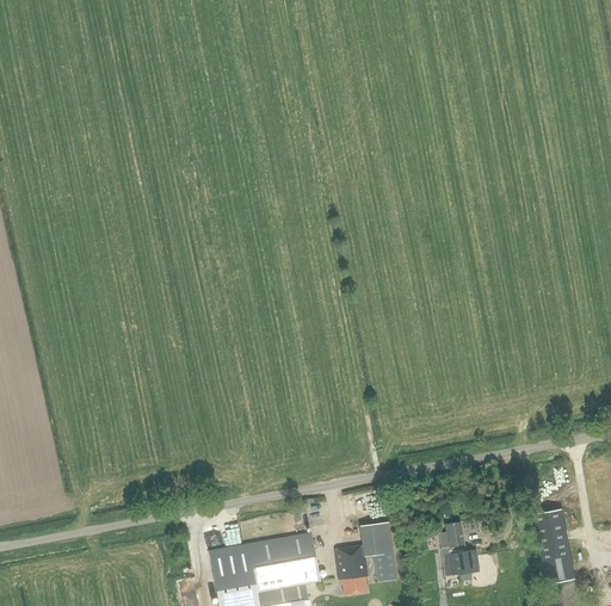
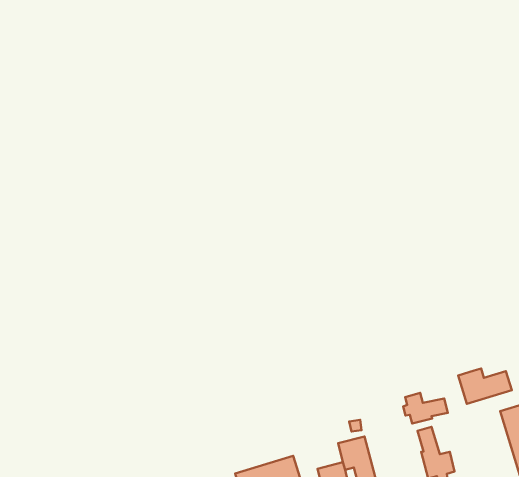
building: none -> [458,368,512,404]
building: none -> [403,393,448,424]

